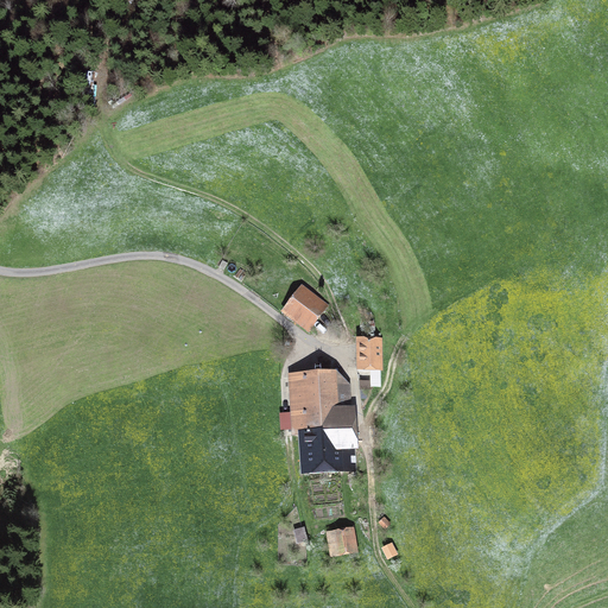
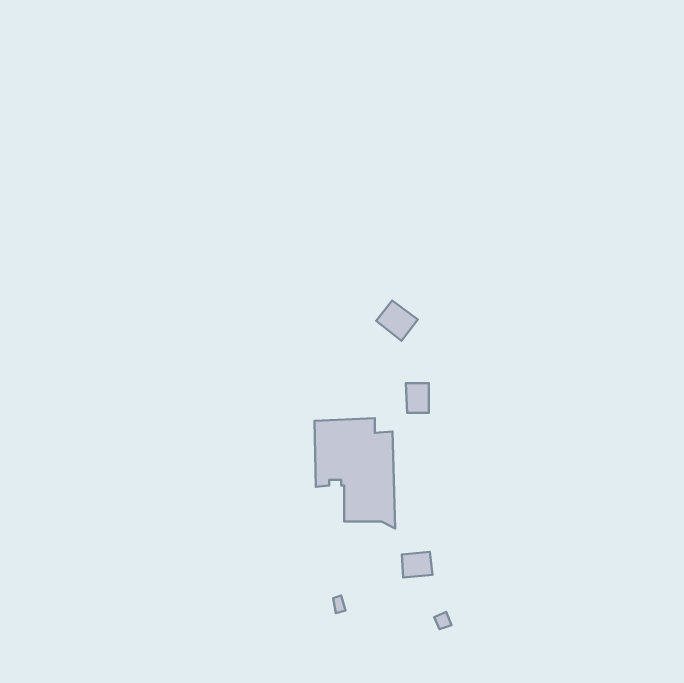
building: [287,289,324,324] -> [376,301,418,341]
building: [329,527,356,550] -> [402,552,433,577]

